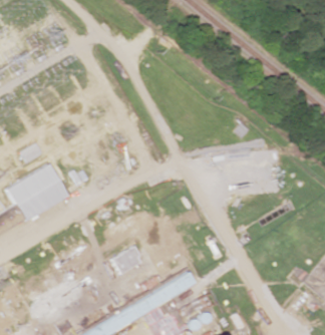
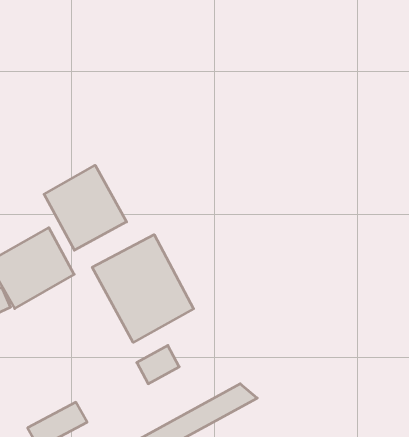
building: none -> [44,165,127,250]
building: none -> [92,235,194,342]

